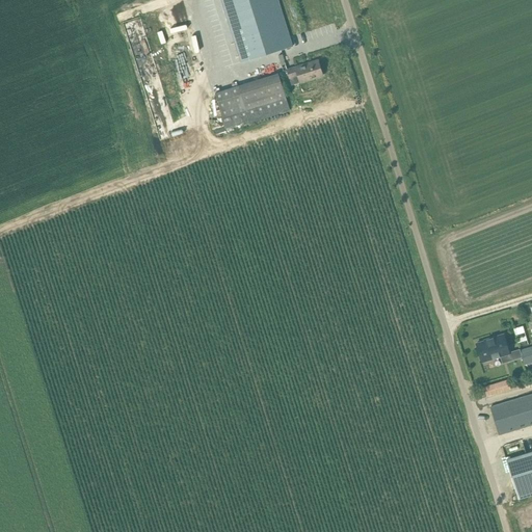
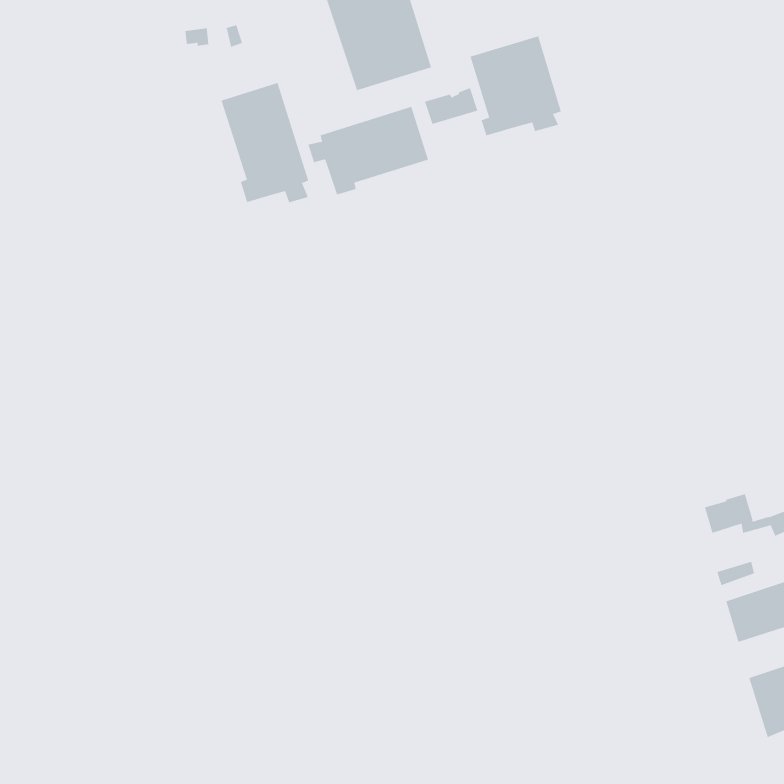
building: none -> [470,36,561,136]
building: none -> [221,82,309,203]

